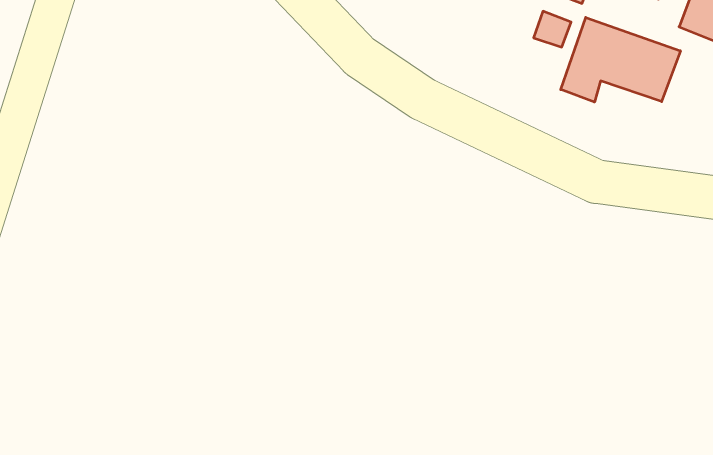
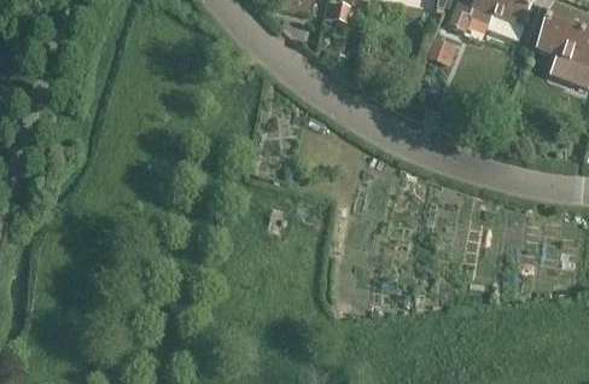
building: [561,17,680,102] -> none

